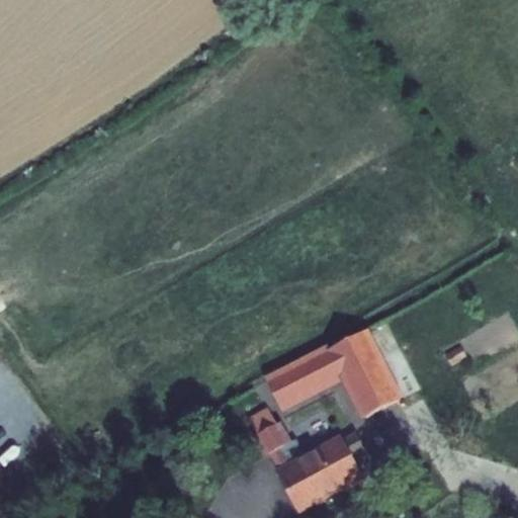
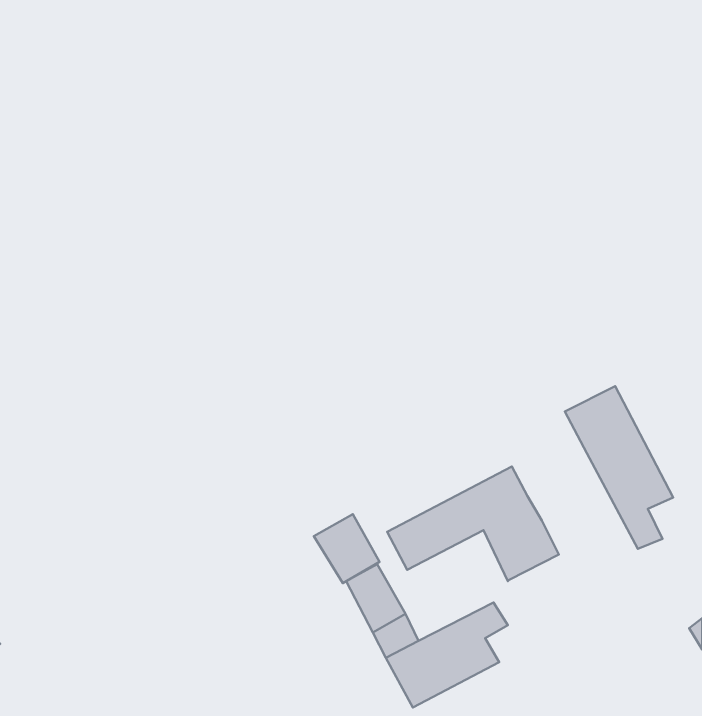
building: none -> [565,386,673,549]
building: none -> [314,514,380,583]

